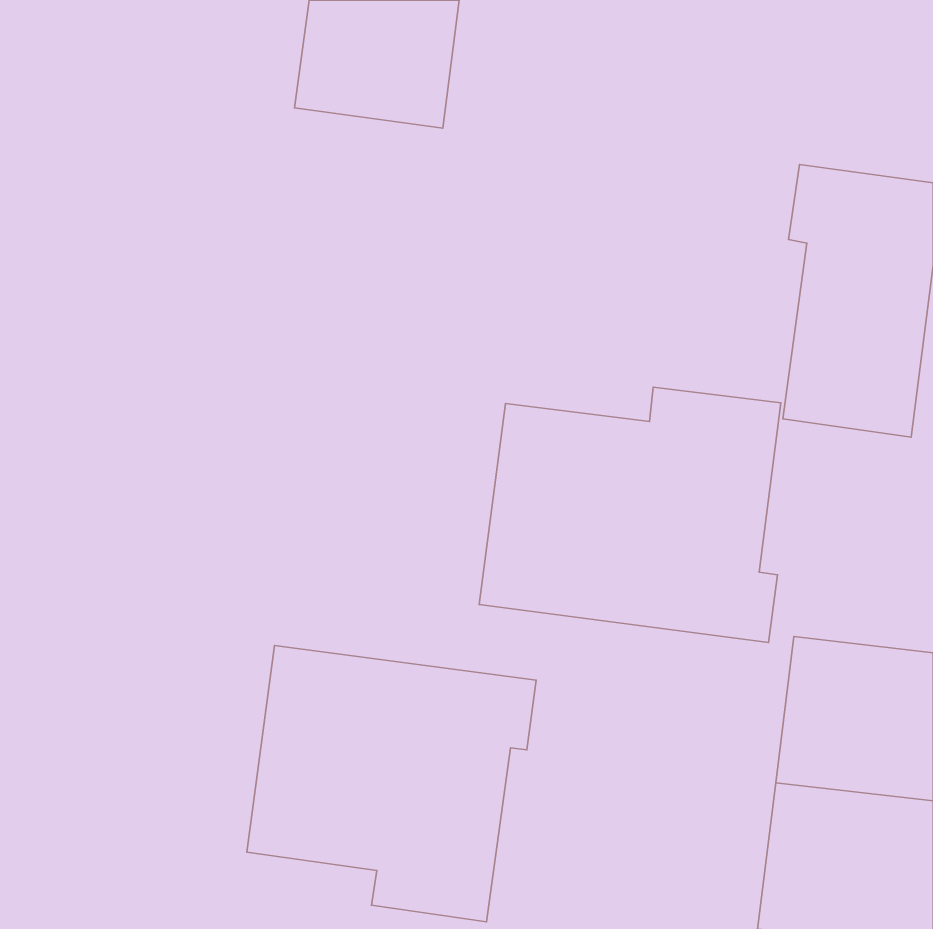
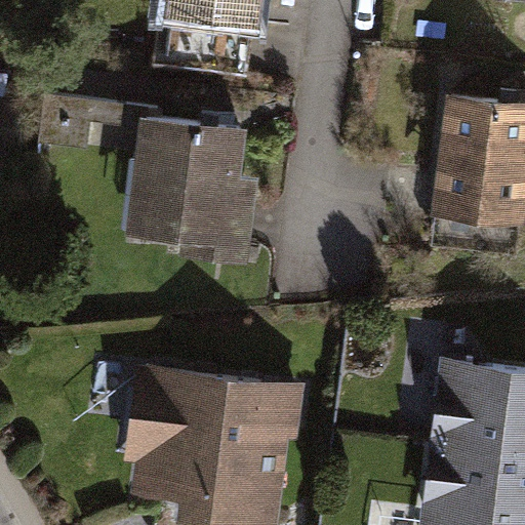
building: none -> [40,93,254,257]
building: [479,387,781,643] -> none

